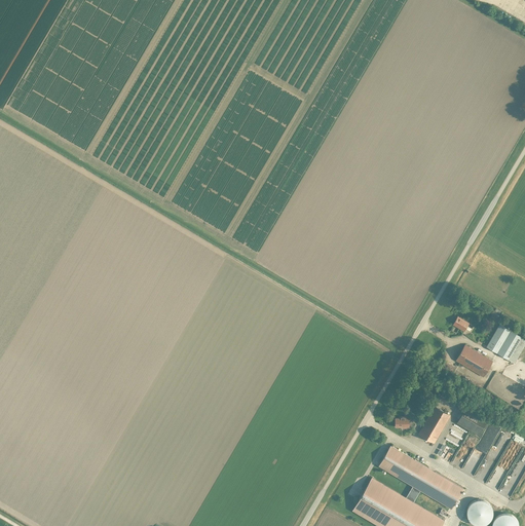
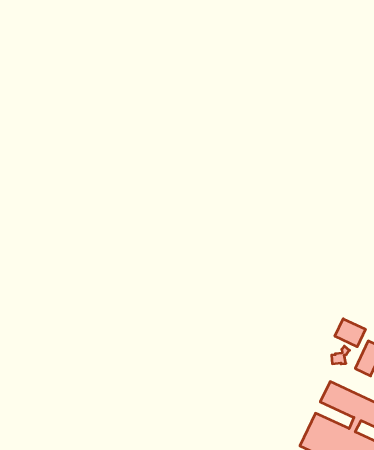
building: none -> [335,319,365,347]

